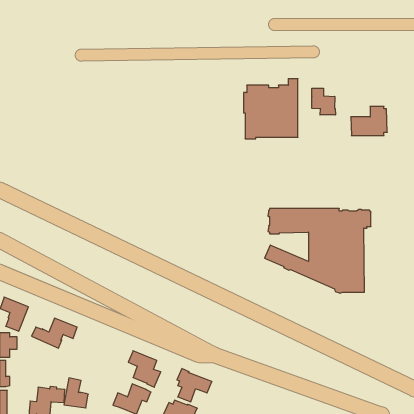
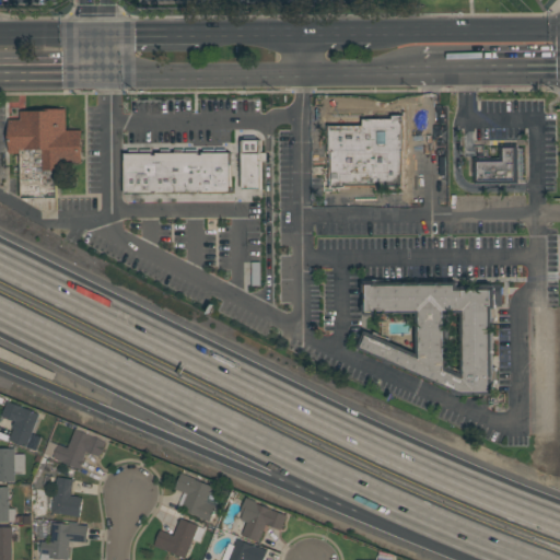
building: none -> [7,109,80,198]
building: [312,88,335,115] -> none
building: none -> [240,140,266,189]
building: none -> [124,153,230,194]
building: [64,378,88,408] -> [49,477,82,517]

